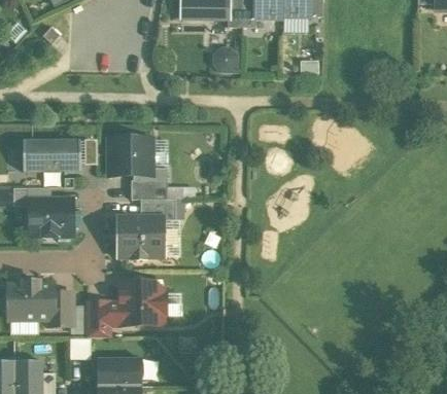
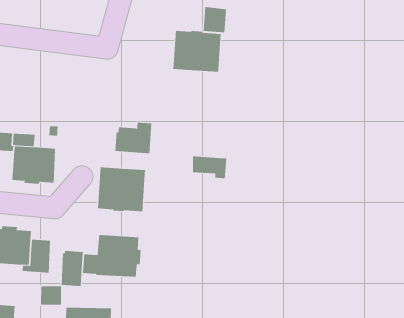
building: none -> [173,30,221,73]
building: [109,138,151,174] -> none
building: [23,139,82,173] -> none
building: [140,199,175,219] -> [192,156,227,179]

